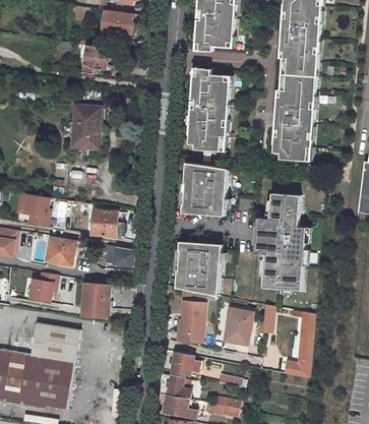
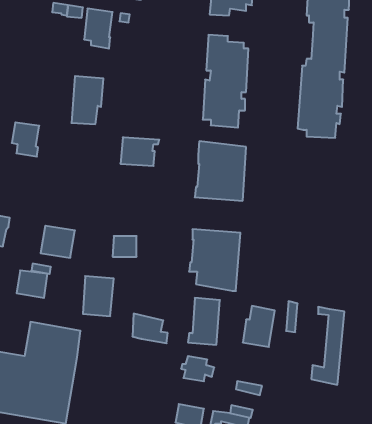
building: [254,192,305,289] -> none
building: [23,194,48,225] -> [12,122,39,157]
building: [90,210,125,236] -> [120,137,159,166]
building: [159,374,190,401] -> [132,314,168,343]

